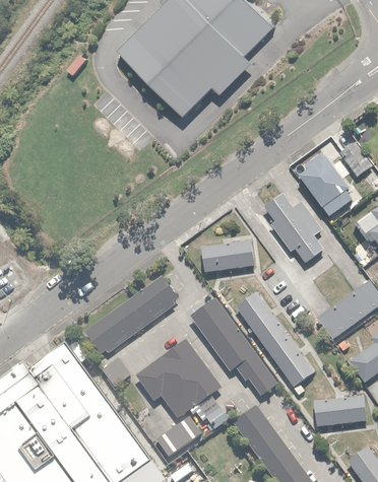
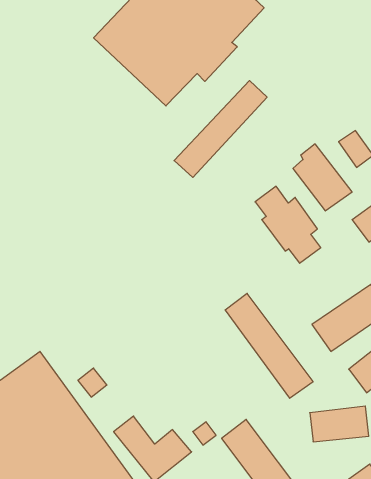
building: none -> [174,81,267,177]
building: [201,239,258,272] -> none
building: [84,277,177,357] -> none
building: [190,300,277,395] -> none
building: [134,341,217,417] -> none

